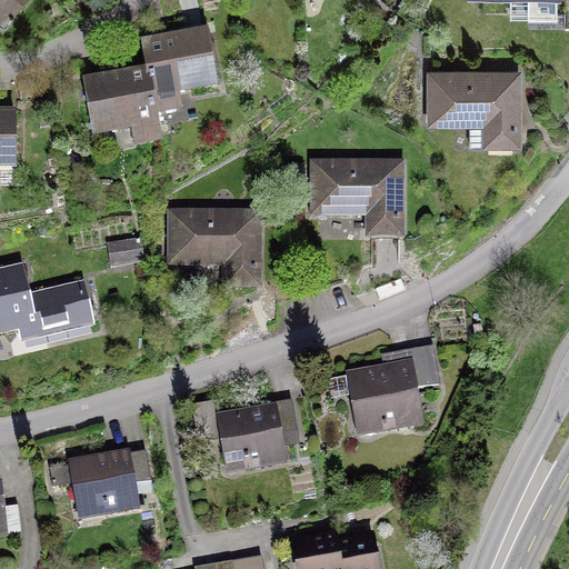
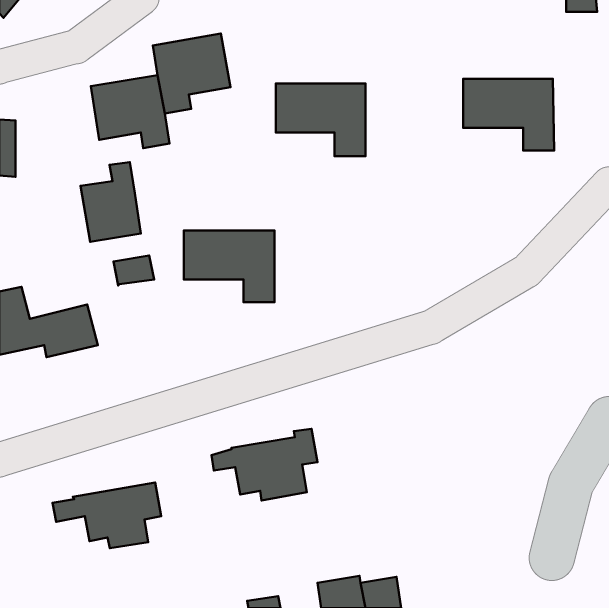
building: none -> [81,162,141,242]
building: [315,164,398,232] -> [276,83,366,156]
building: [346,348,438,427] -> none

